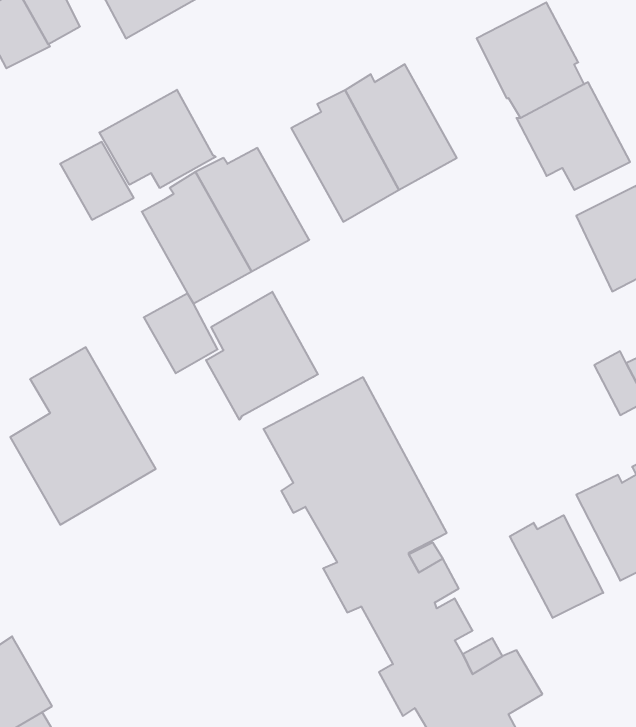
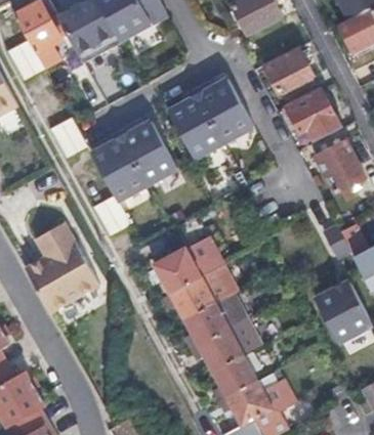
building: [99,90,216,188] -> none
building: [206,292,318,420] -> none
building: [510,515,603,618] -> none

